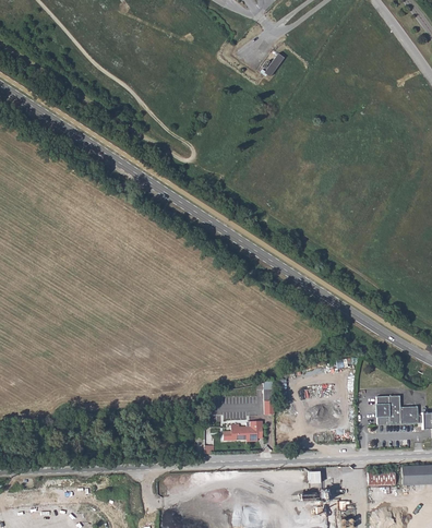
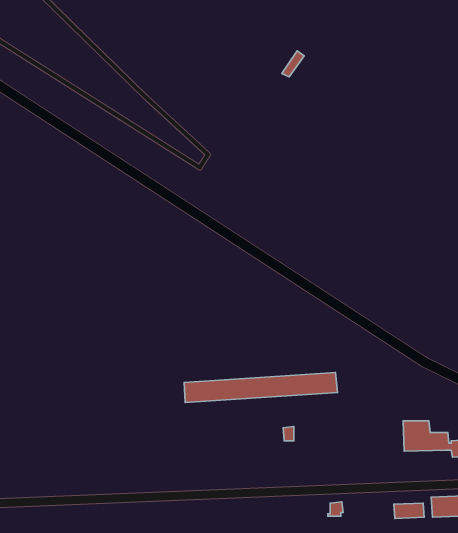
building: none -> [184,372,338,403]
building: [230,420,262,440] -> none

